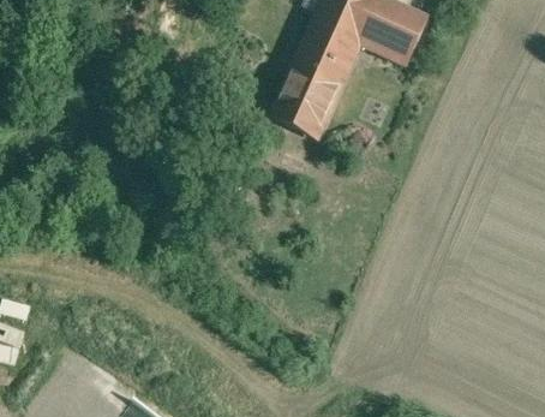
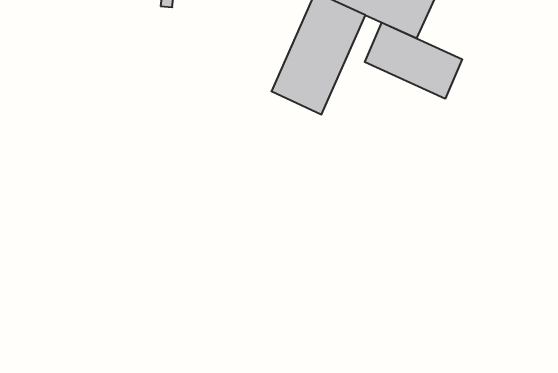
building: none -> [365,23,462,99]

